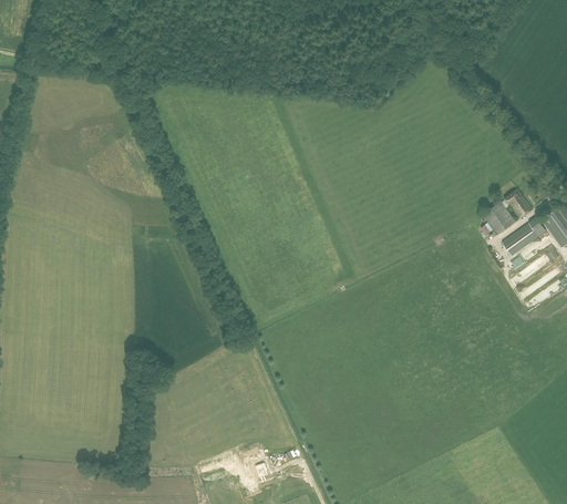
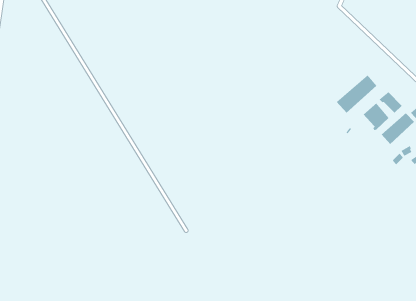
building: none -> [336,75,377,113]

